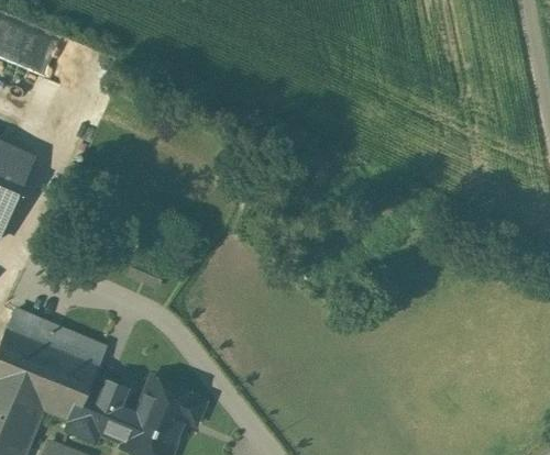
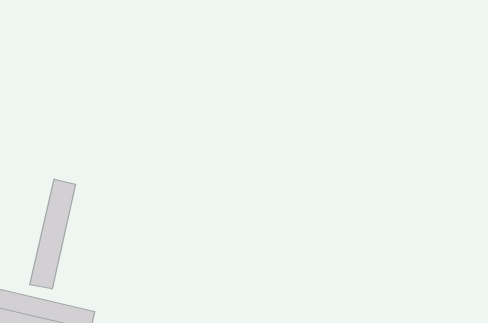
building: none -> [30,179,76,289]

